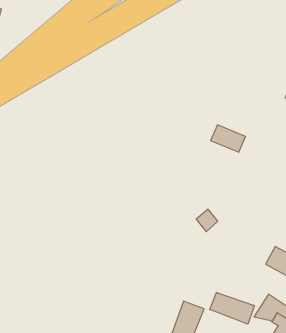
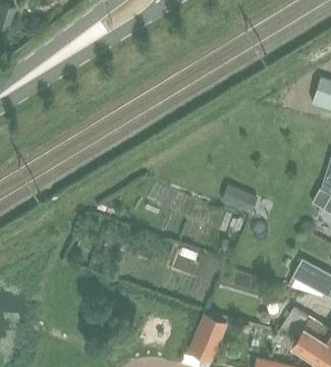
building: [211,125,246,152] -> [220,185,257,213]
building: [210,292,255,324] -> none

